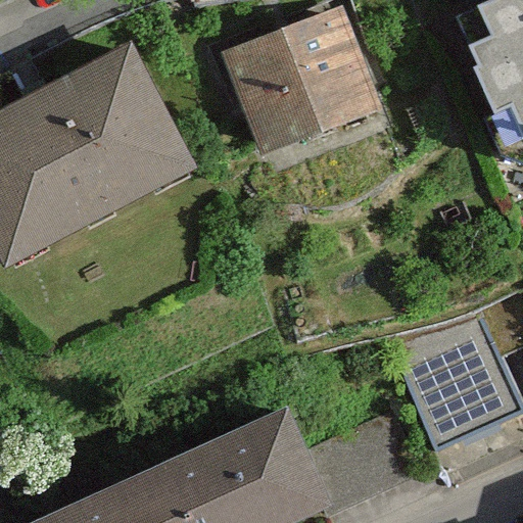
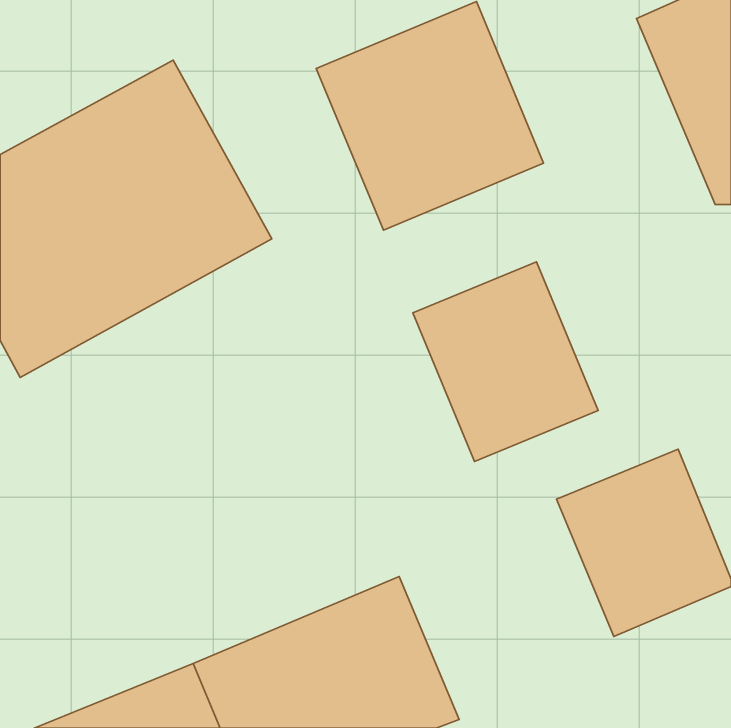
building: none -> [413,262,598,462]

